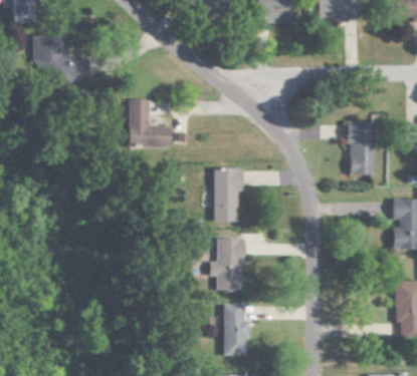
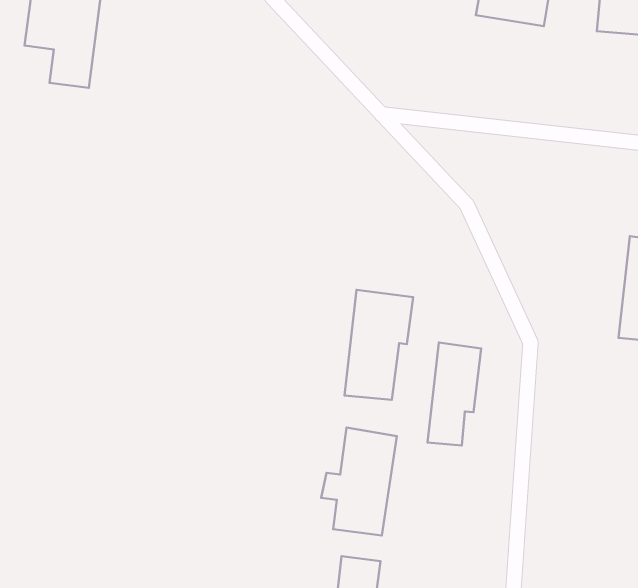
building: [127,98,170,146] -> none
building: none -> [428,343,481,445]

